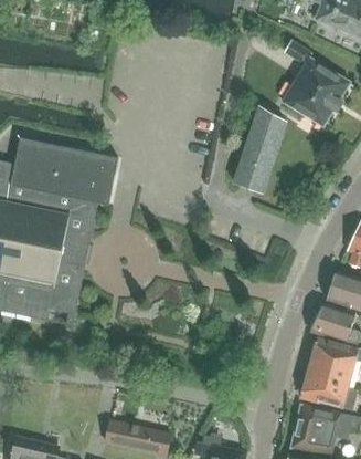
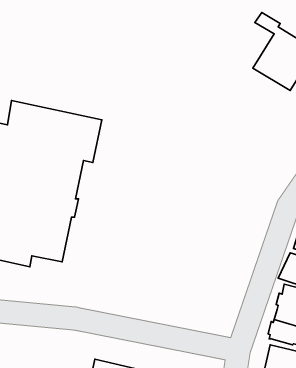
building: [233,106,285,192] -> none

